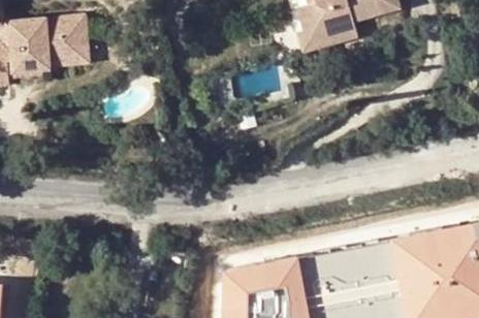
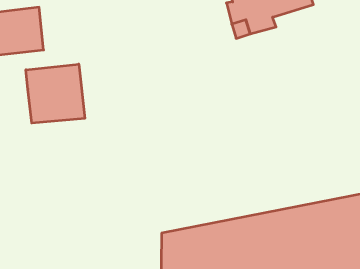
building: none -> [26,64,85,123]

